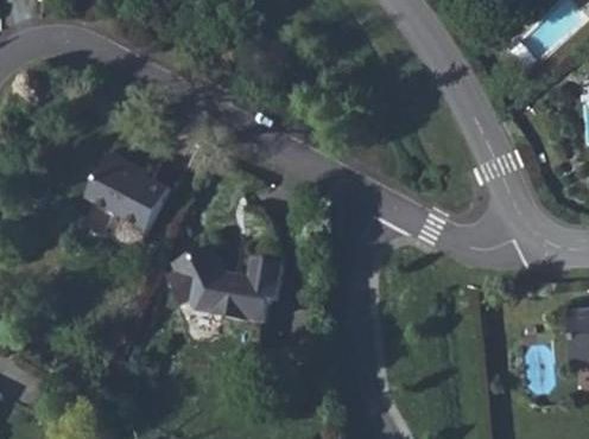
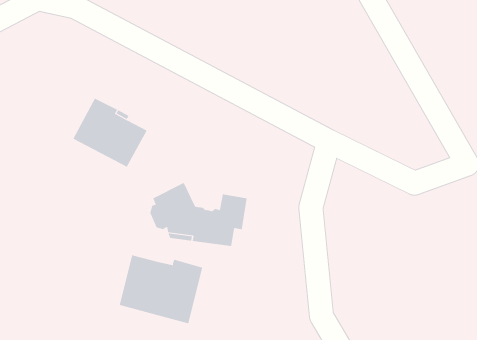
building: none -> [119,254,203,324]

